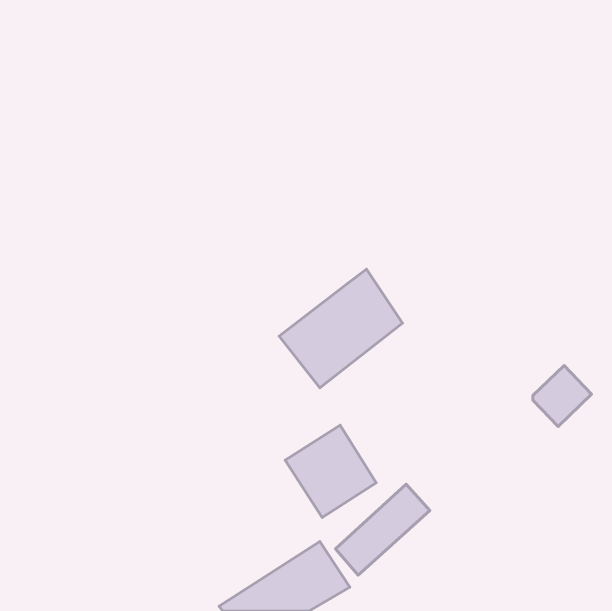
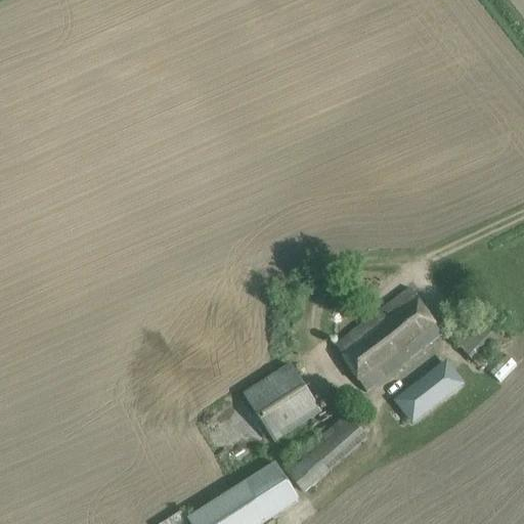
building: [279,269,403,388] -> [336,288,441,389]
building: none -> [401,357,465,413]

